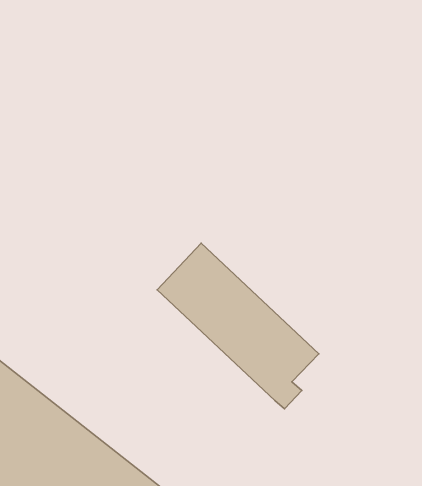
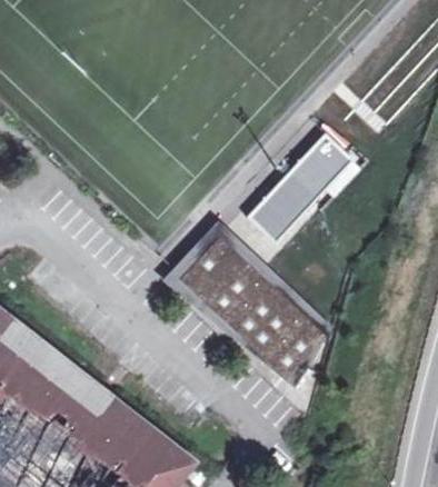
building: none -> [247,131,354,241]

